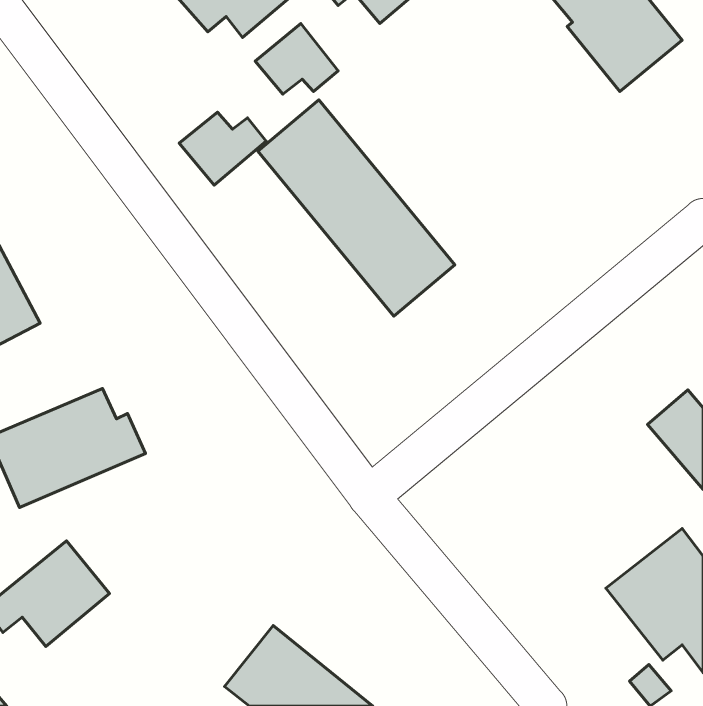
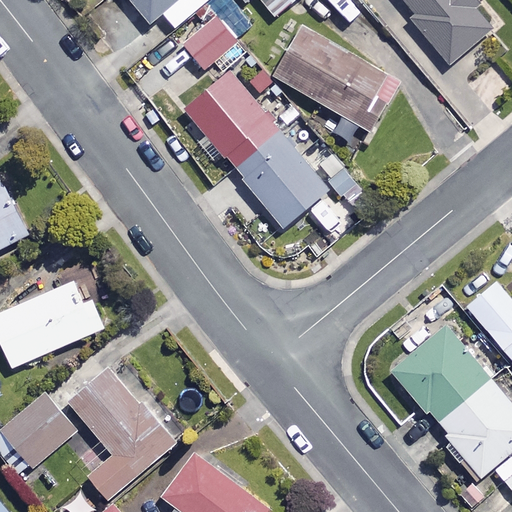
building: none -> [276,29,398,132]
building: [179,112,266,185] -> none
building: none -> [388,325,485,422]
building: none -> [69,366,176,499]

